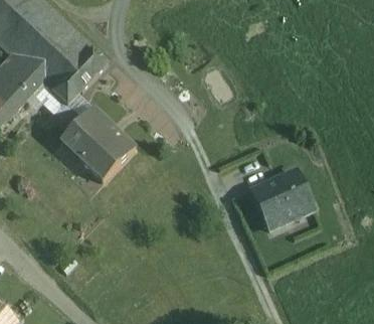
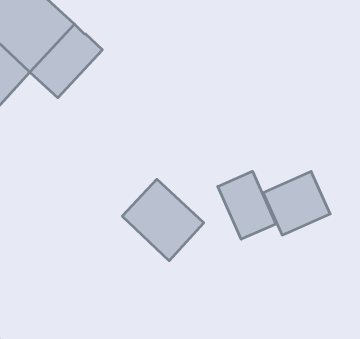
building: [60,106,134,179] -> [122,179,204,261]
building: none -> [218,171,276,239]

